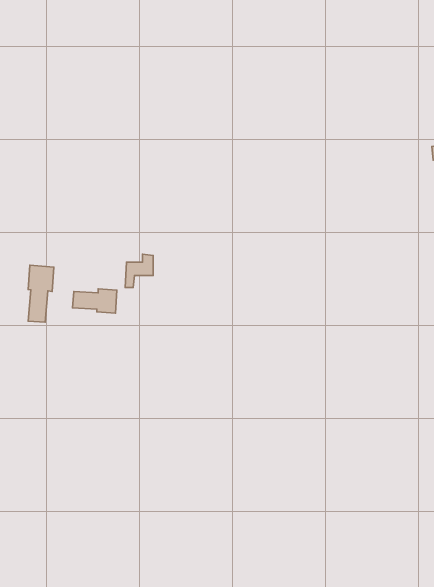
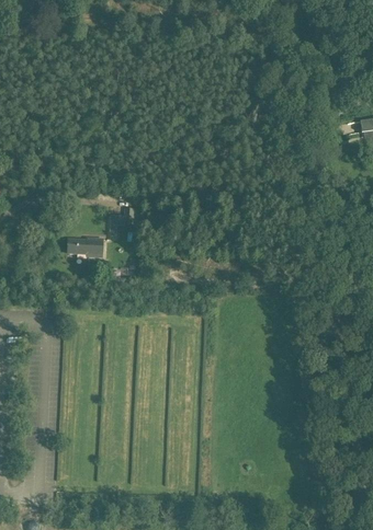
building: [28,265,54,322] -> none

